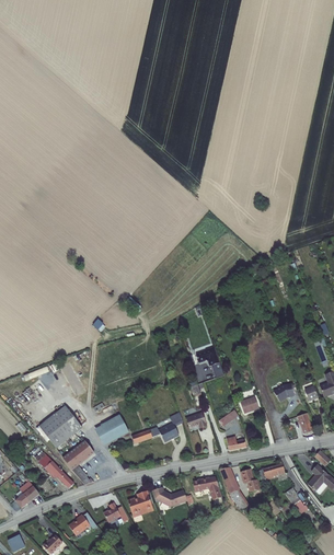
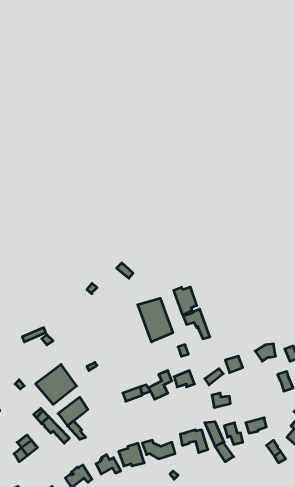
building: none -> [174,287,197,315]
building: none -> [138,298,173,342]
building: [94,415,129,446] -> none

